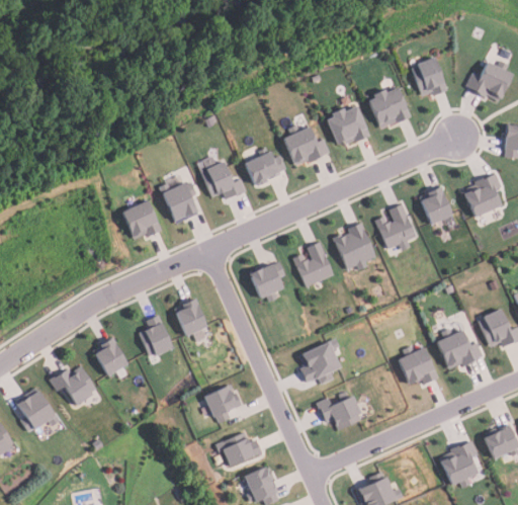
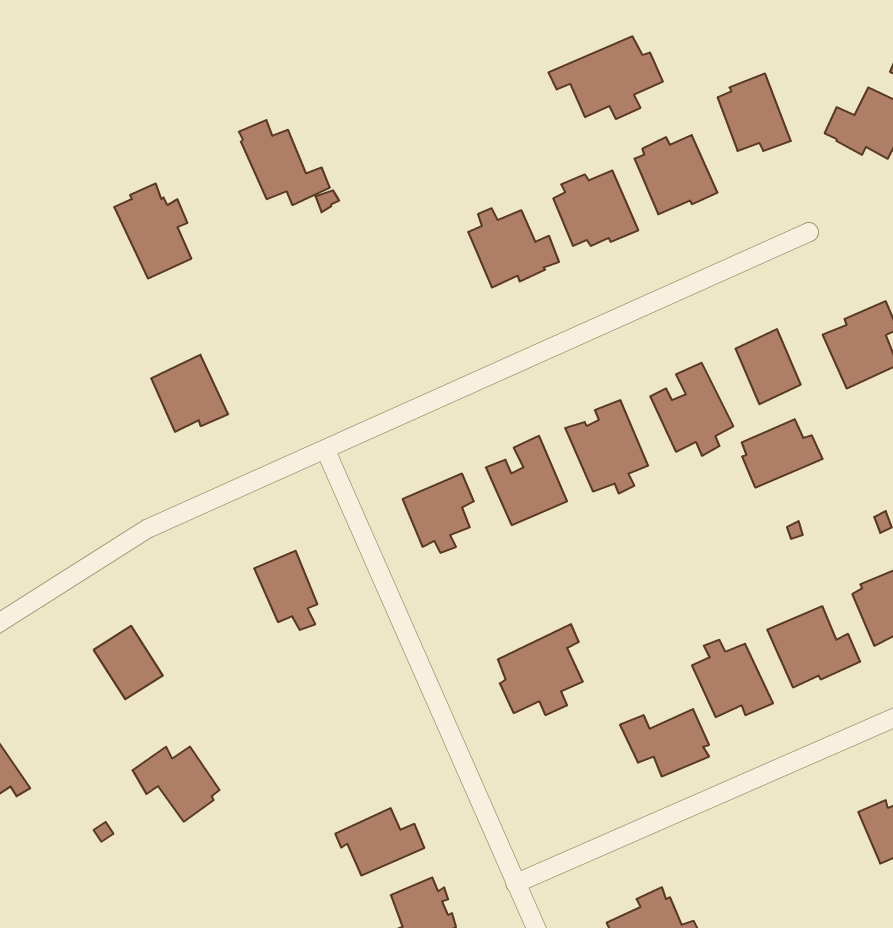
building: none -> [549,36,663,119]
building: [244,146,286,185] -> none
building: [198,156,245,199] -> [239,120,330,205]
building: [159,174,198,223] -> [114,183,191,278]
building: none -> [742,419,823,488]
building: [138,315,173,355] -> none
building: [51,366,95,405] -> [132,747,220,822]
building: [203,386,241,423] -> none
building: [317,395,362,429] -> [620,709,709,776]
building: [440,439,479,488] -> none

